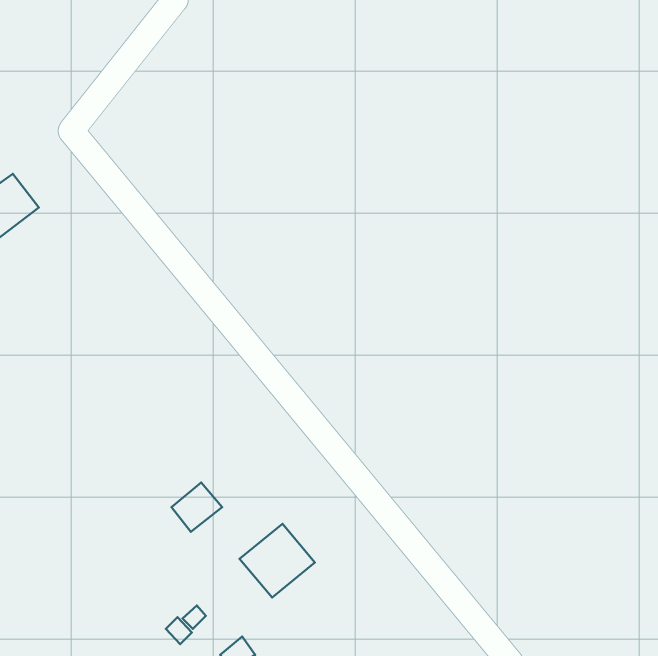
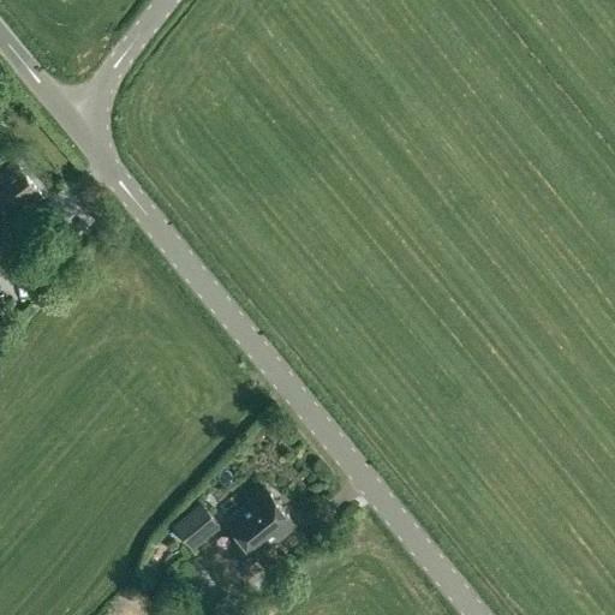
building: [172,482,222,532] -> [172,507,219,553]

